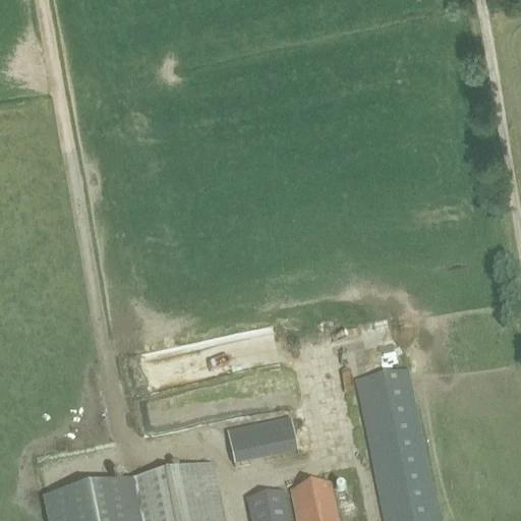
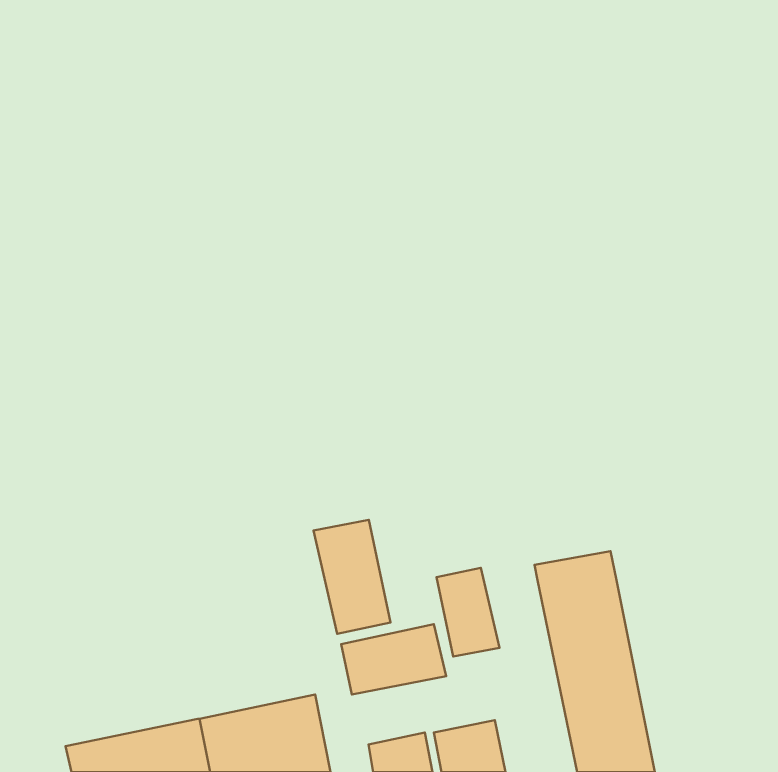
building: none -> [313,520,391,634]
building: none -> [437,568,499,656]

